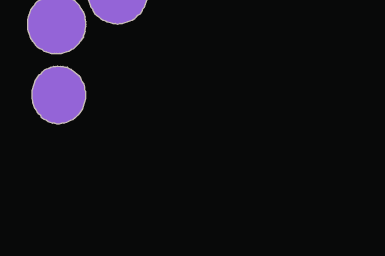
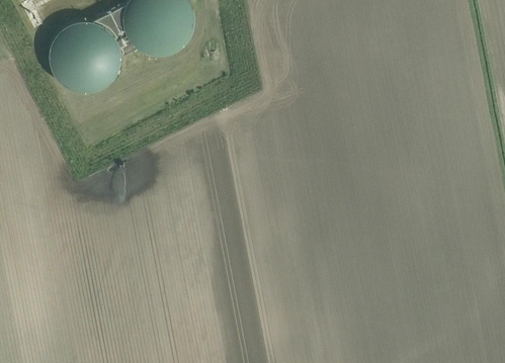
building: [32,66,86,124] -> none

